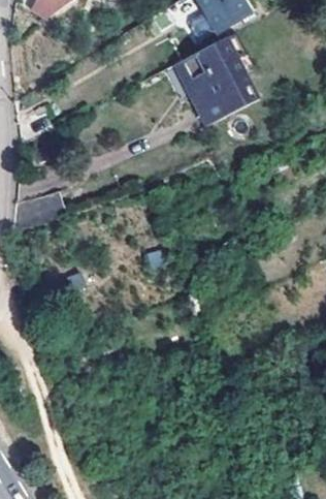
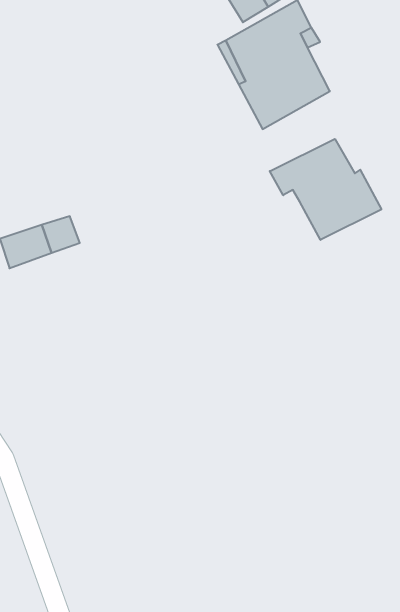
building: none -> [270,139,381,240]

